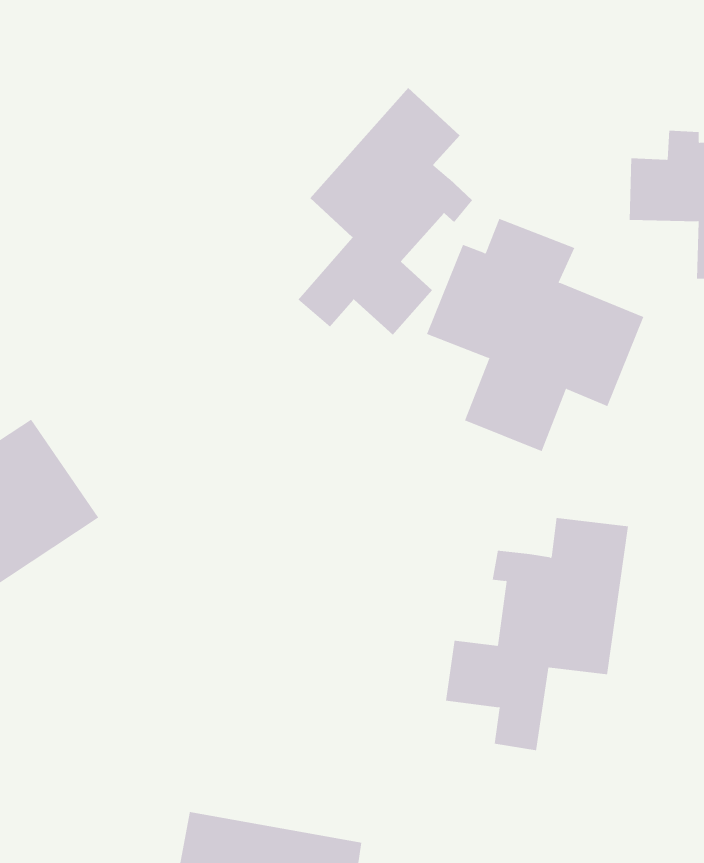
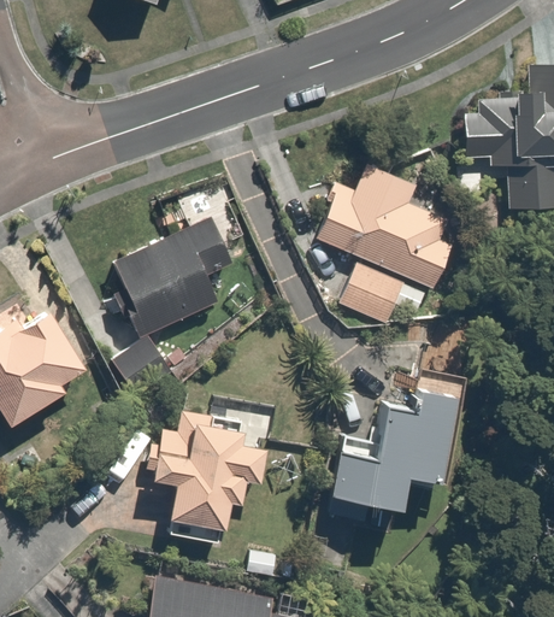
building: [297,87,473,335] -> none
building: none -> [106,200,232,383]
building: none -> [147,410,269,543]

